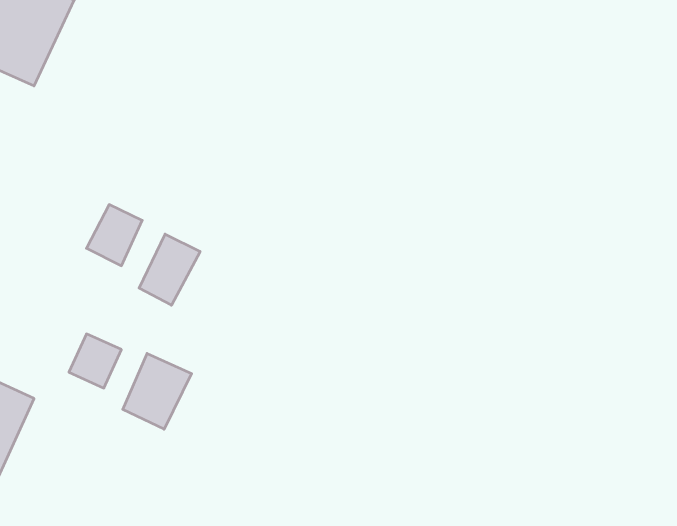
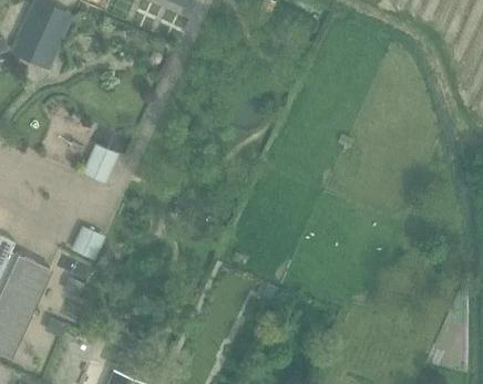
building: [139,234,200,305] -> none
building: [123,353,192,429] -> none

